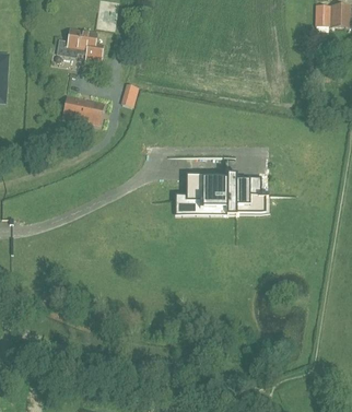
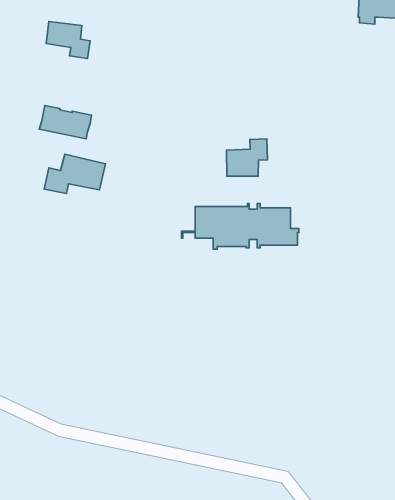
building: none -> [227,139,268,176]
building: none -> [44,154,106,194]

